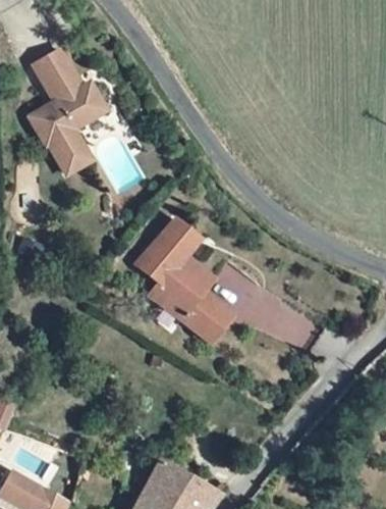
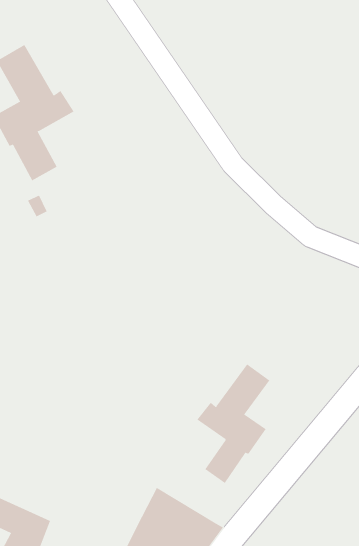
building: [130,218,224,344] -> none
building: none -> [196,363,270,484]

